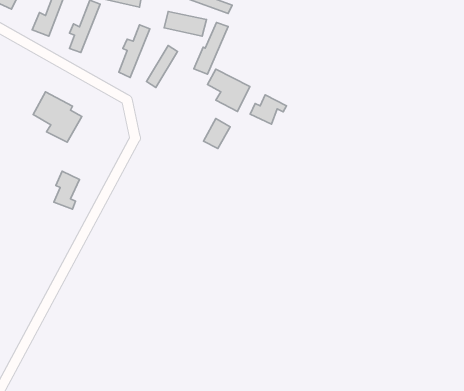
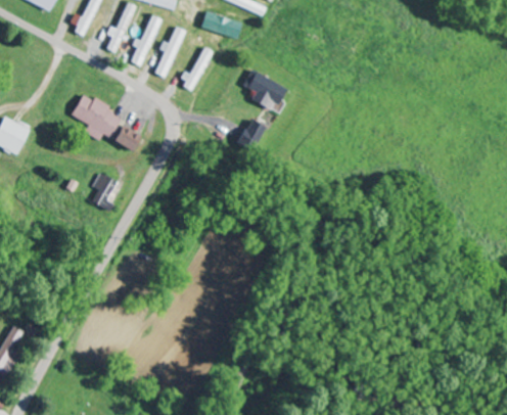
building: [194,23,228,74] -> [130,15,164,66]
building: [250,95,286,124] -> none
building: none -> [112,125,140,152]

